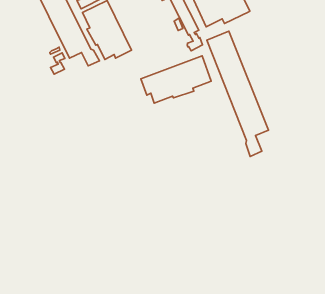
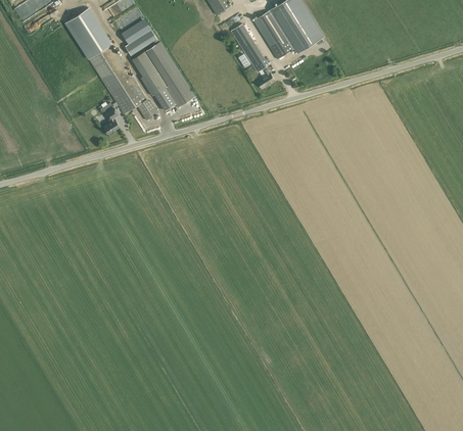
building: [207,31,269,157] -> none
building: [141,56,211,103] -> none

